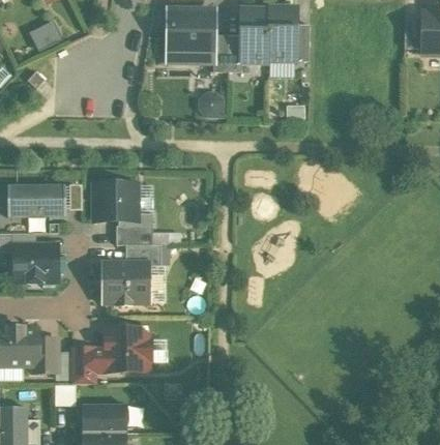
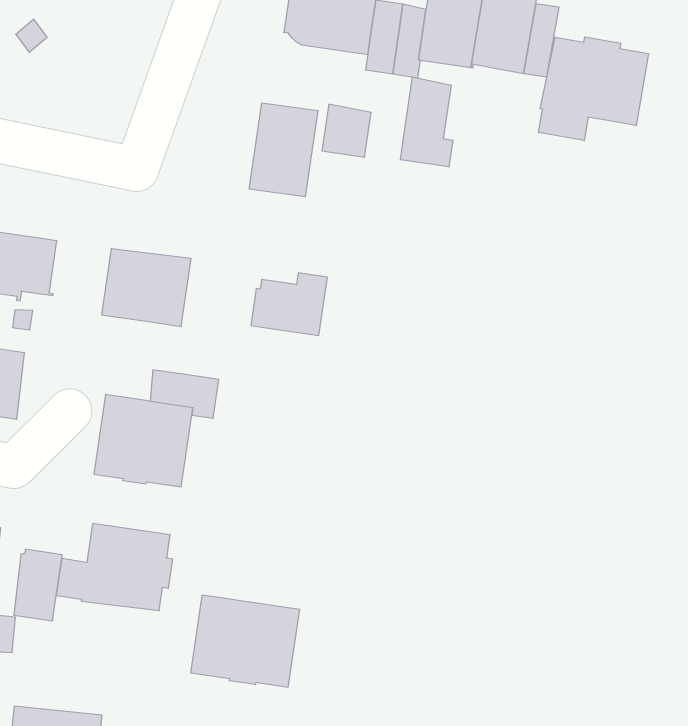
building: none -> [539,37,649,141]
building: none -> [400,77,453,167]
building: none -> [249,103,318,197]
building: [116,213,152,244] -> [251,273,327,335]
building: none -> [191,595,299,687]
building: [78,403,125,431] -> none

